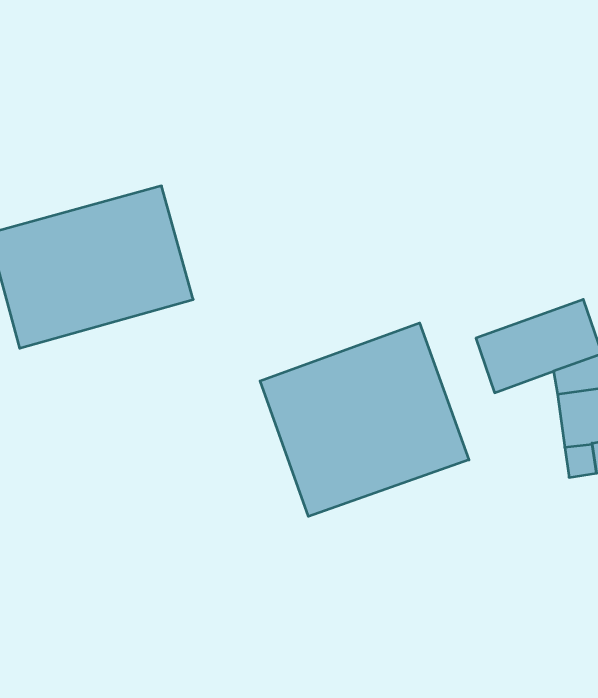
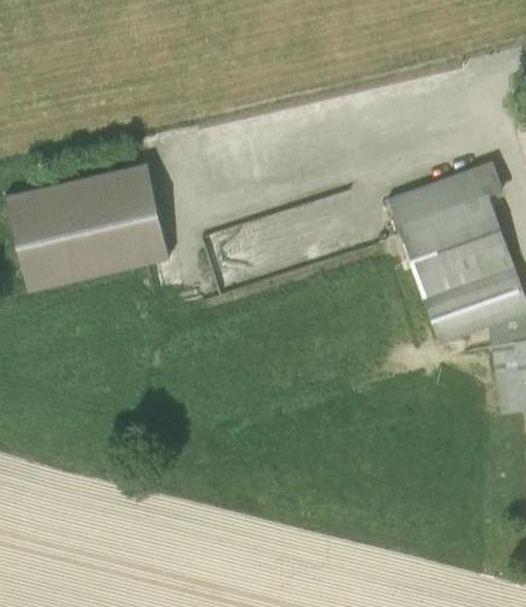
building: none -> [387,160,513,296]
building: [260,323,469,516] -> none

